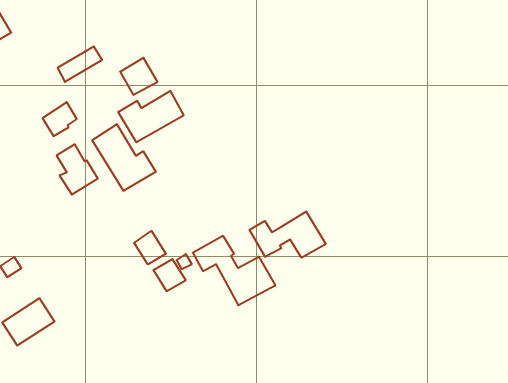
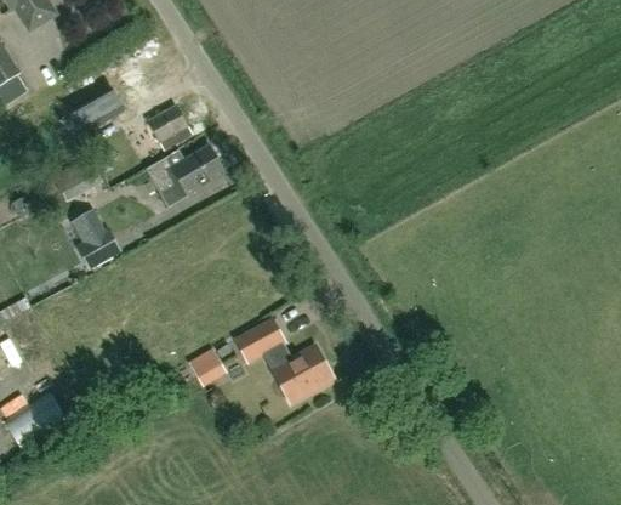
building: [92,124,156,191] -> none
building: [250,211,326,258] -> none
building: [134,231,166,264] -> none

